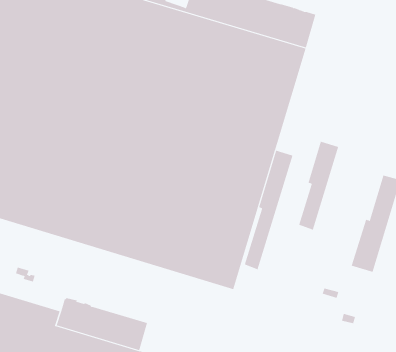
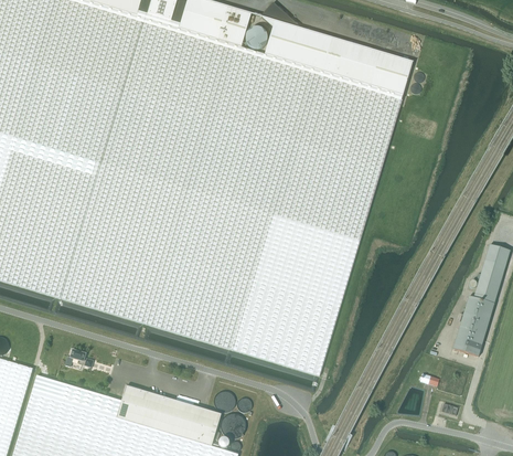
building: [298,141,339,230] -> none
building: [244,150,293,270] -> none

